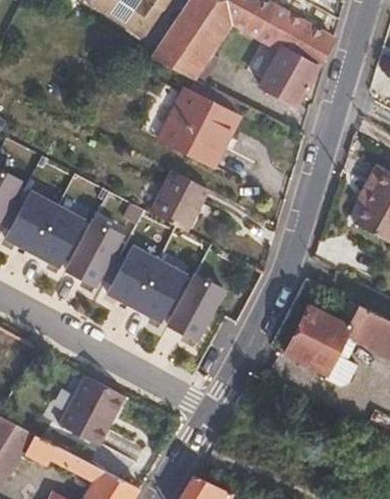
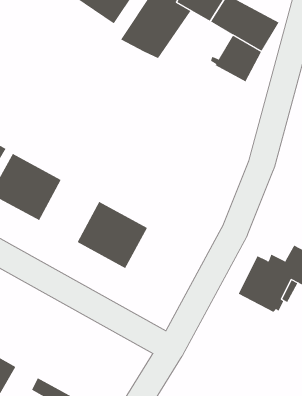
building: [160,89,240,167] -> none
building: [151,172,210,231] -> none
building: [58,218,121,288] -> none
building: [161,273,222,344] -> none
building: [57,371,124,442] -> none

